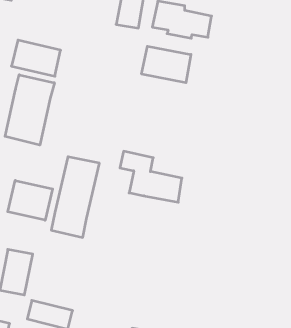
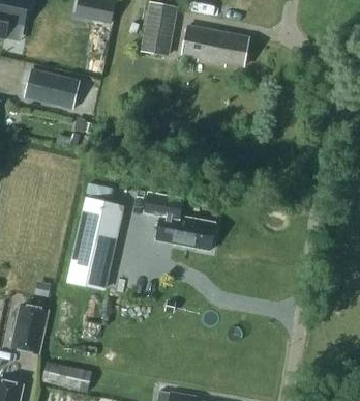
building: [142,46,191,83] -> none
building: [5,75,54,145] -> none
building: [8,180,53,220] -> none

